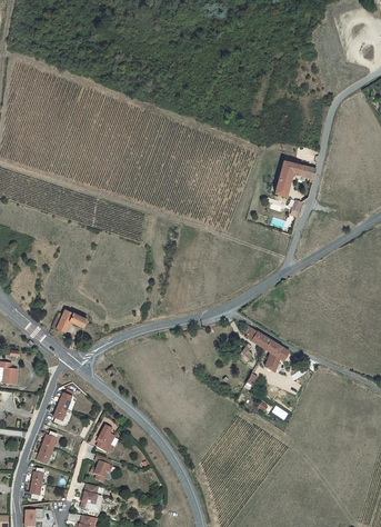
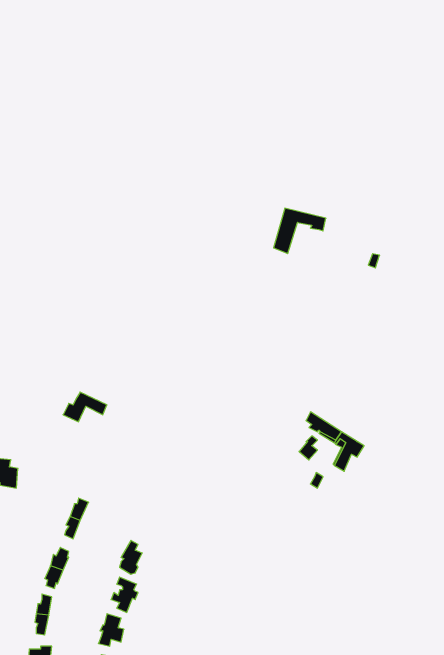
building: [274,161,315,197] -> [274,208,326,254]

